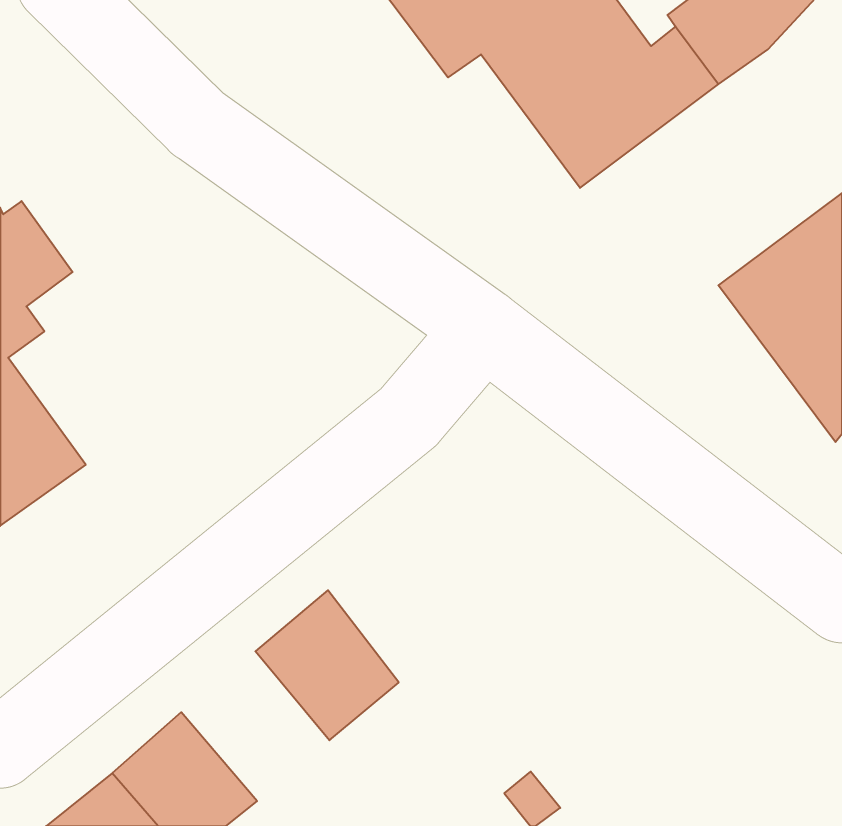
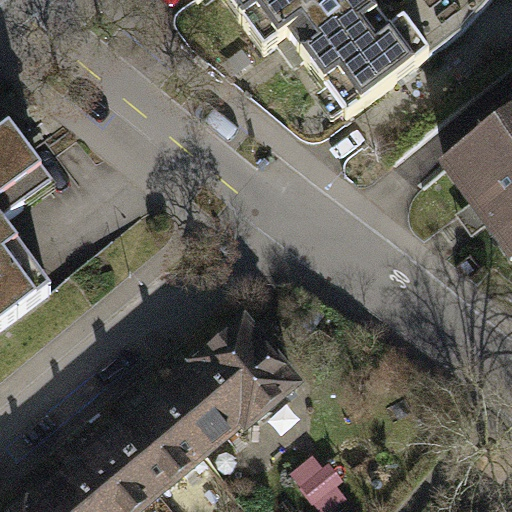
building: none -> [196,316,295,419]
building: none -> [110,395,200,486]

